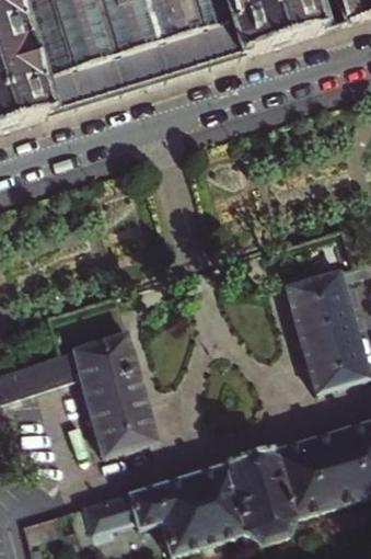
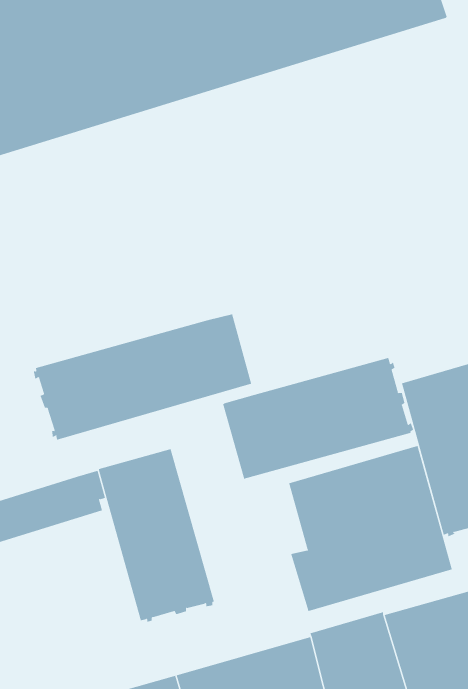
building: none -> [33,314,252,441]
building: none -> [223,357,414,479]
building: none -> [288,445,453,612]

